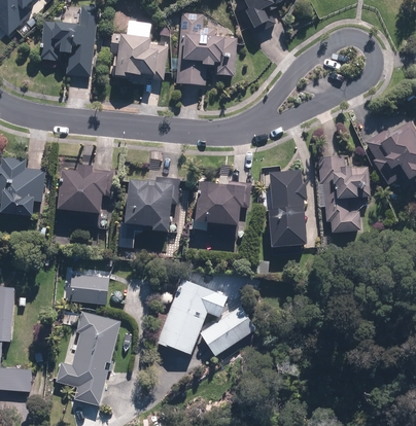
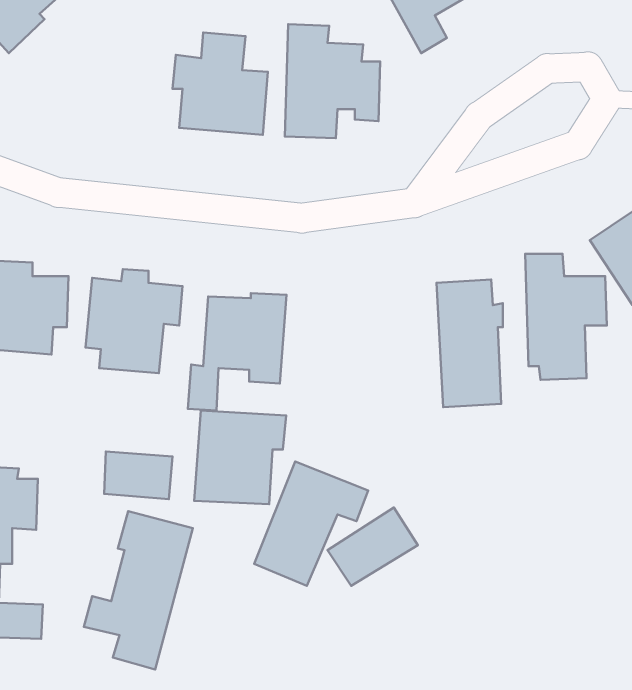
building: [39,5,97,76] -> none
building: [195,180,250,237] -> [194,410,286,504]

